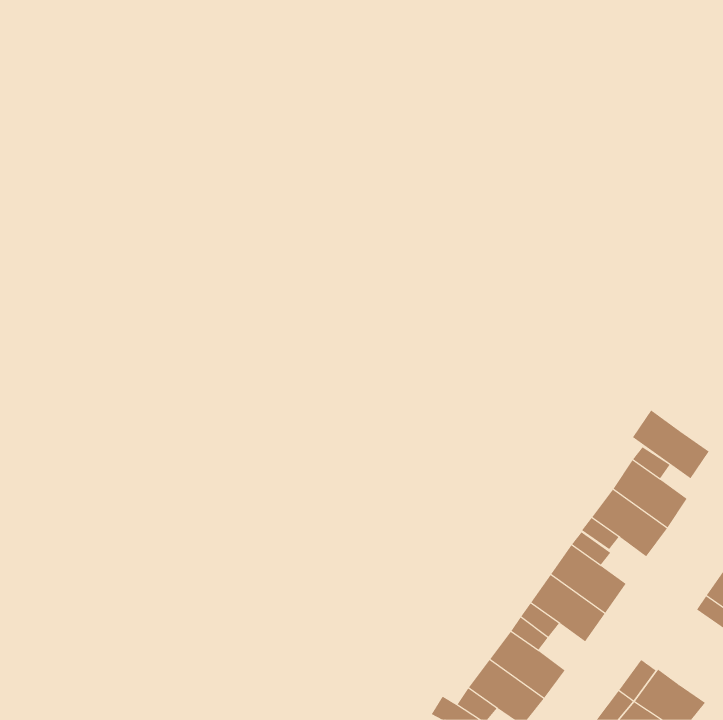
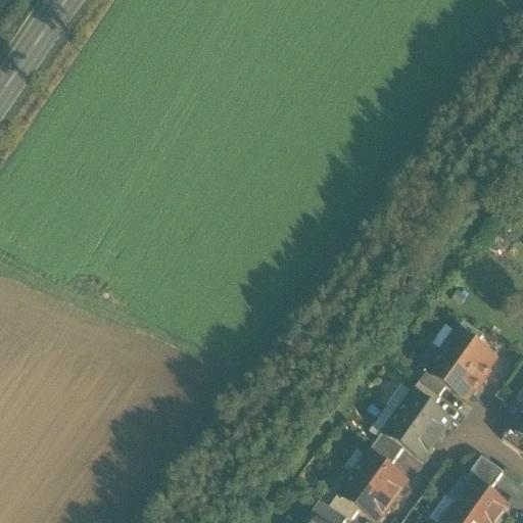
building: [632,410,710,479] -> none
building: none -> [467,458,505,493]

